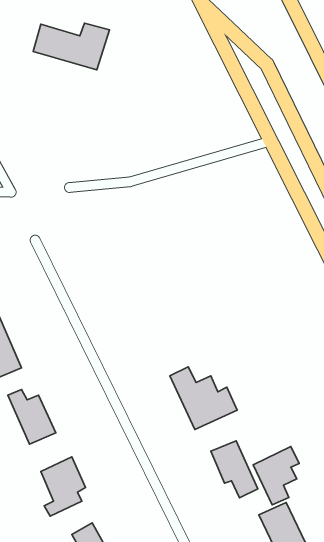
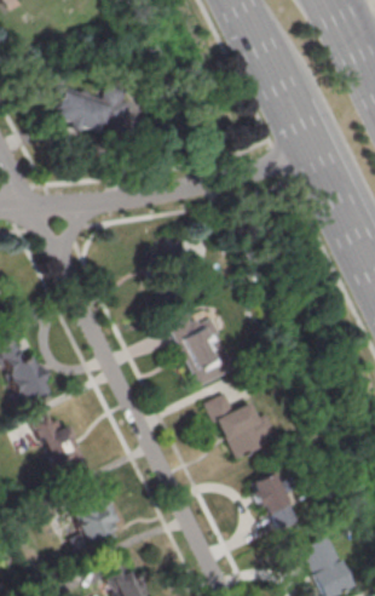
building: [33,23,109,70] -> [53,88,134,138]
building: none -> [175,319,235,386]
building: [253,447,299,505] -> none

